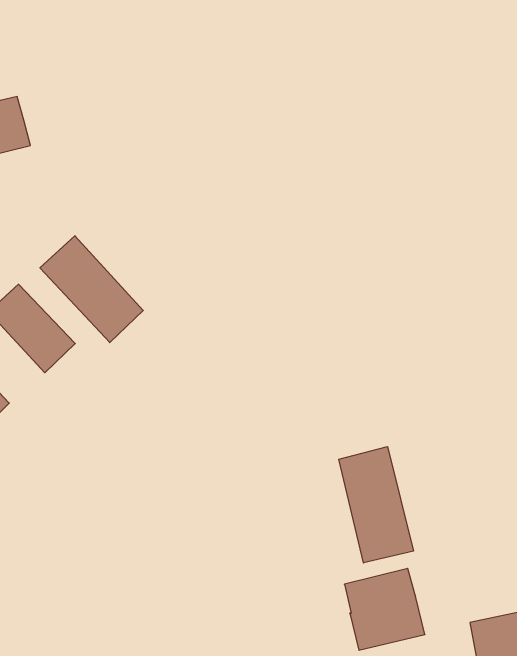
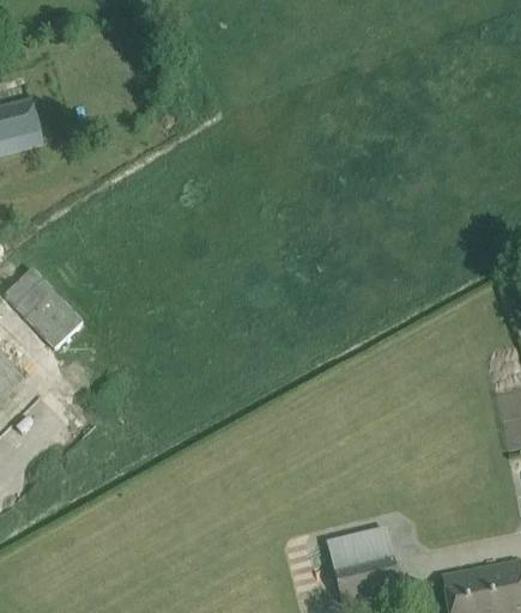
building: [40,236,143,343] -> none
building: [339,447,413,563] -> none

